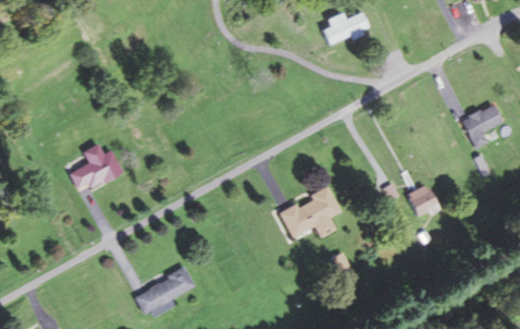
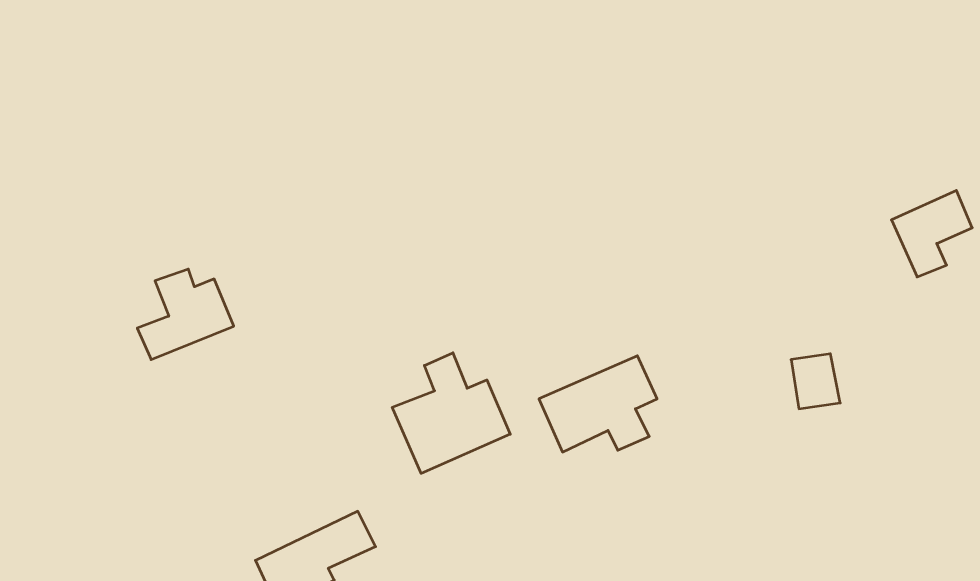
building: [324,12,371,46] -> none
building: none -> [392,353,510,473]

